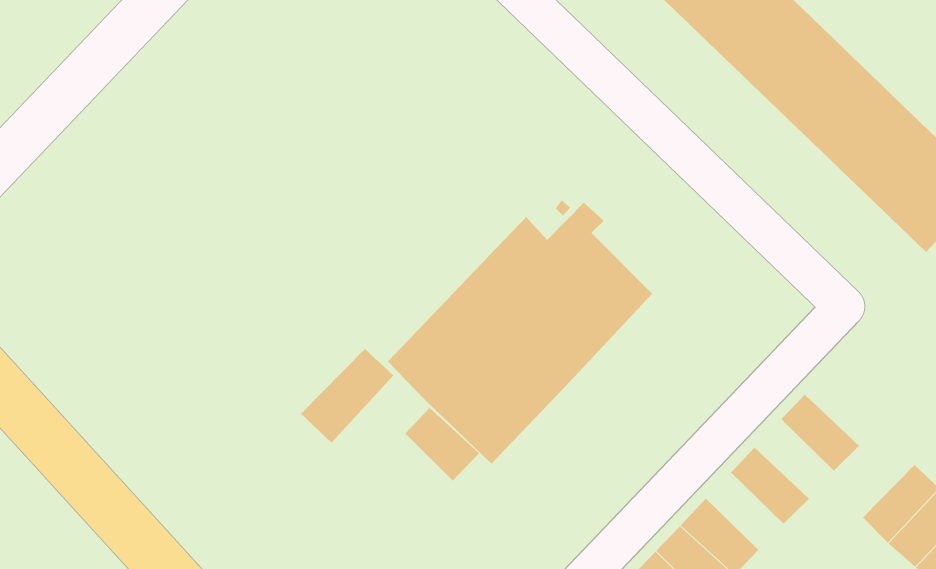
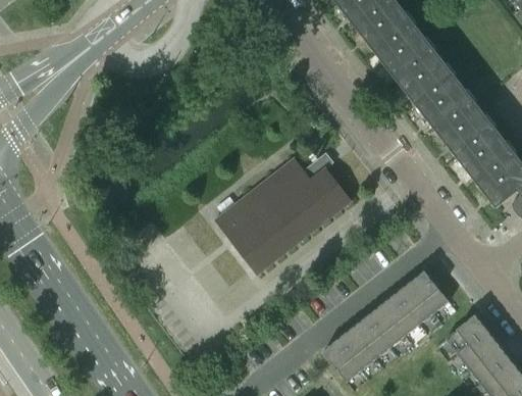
building: [300,348,394,443] -> none
building: [405,407,480,482] -> none
building: none -> [395,281,433,324]
building: none -> [366,304,404,346]

